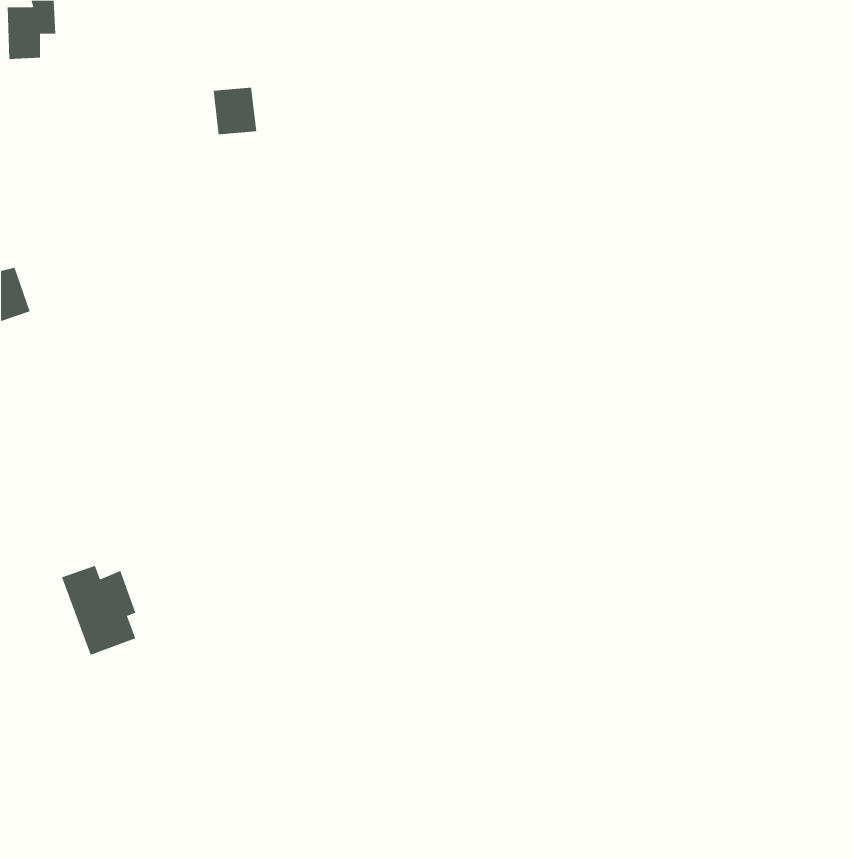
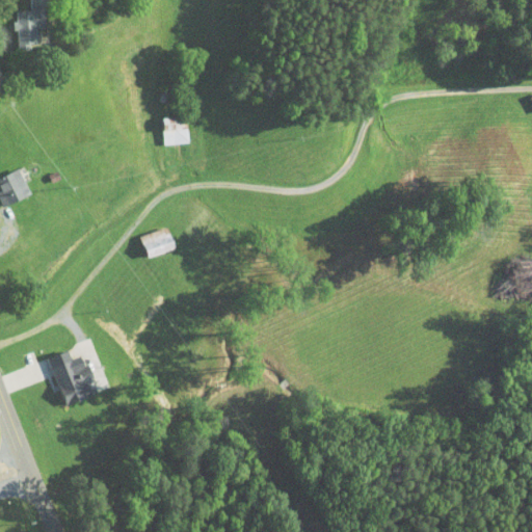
building: [213,87,257,135] -> [161,116,188,145]
building: none -> [139,227,176,259]

